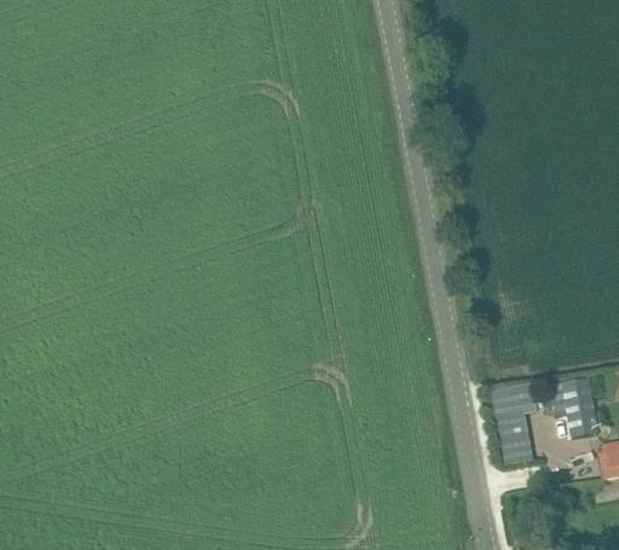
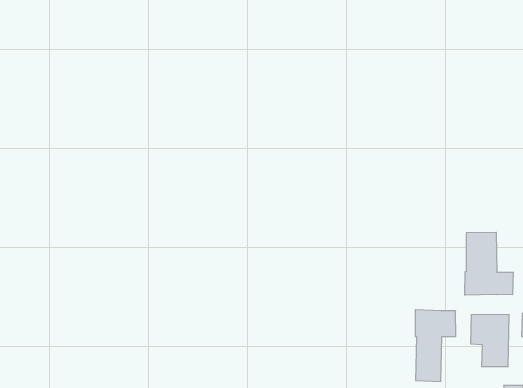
building: none -> [465,232,513,295]

